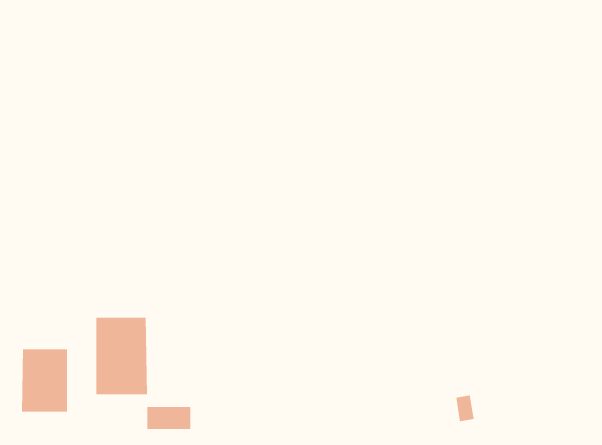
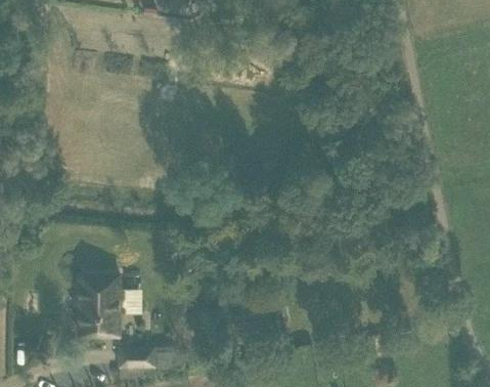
building: [22,349,68,412] -> none

